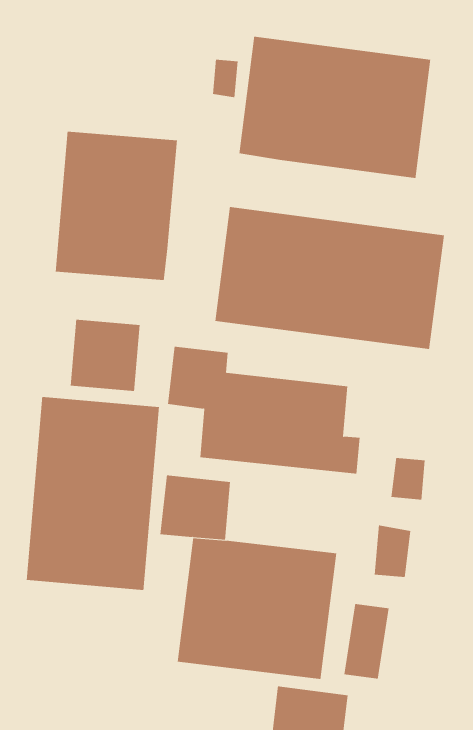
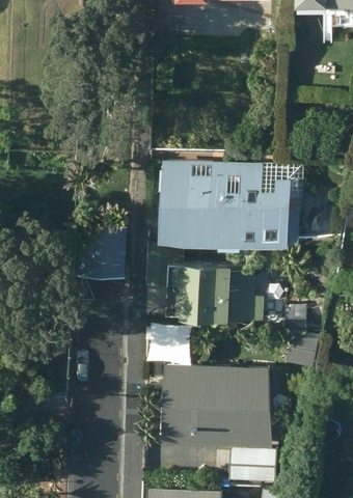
building: [239,36,431,179] -> none
building: [55,131,178,281] -> none
building: [26,396,160,591] -> none

